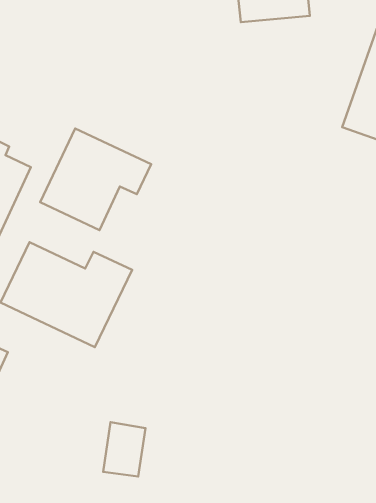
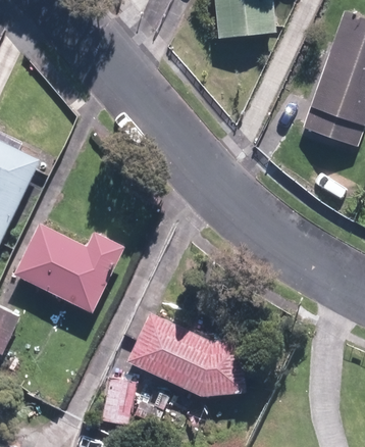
building: [40,129,151,230] -> none
building: none -> [125,312,246,396]

